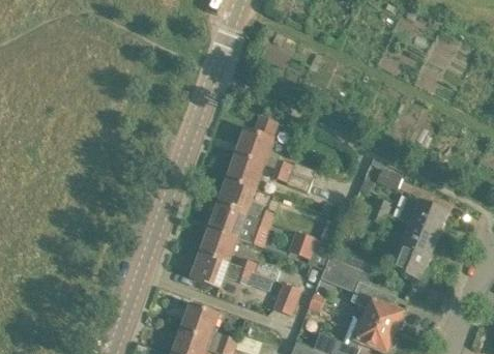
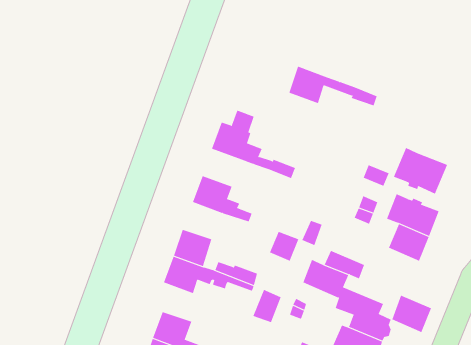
building: none -> [393,147,448,195]
building: [227,153,310,190] -> [288,66,378,106]
building: [208,203,270,246] -> none
building: [391,245,429,281] -> [392,295,432,333]

